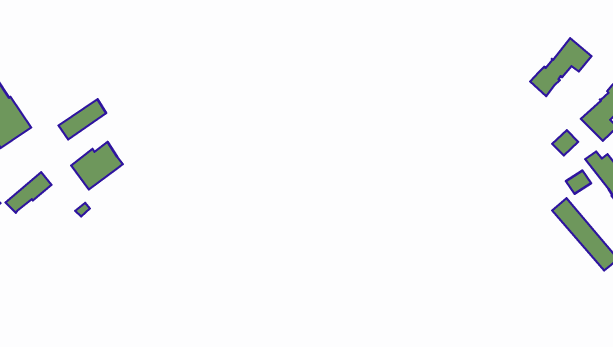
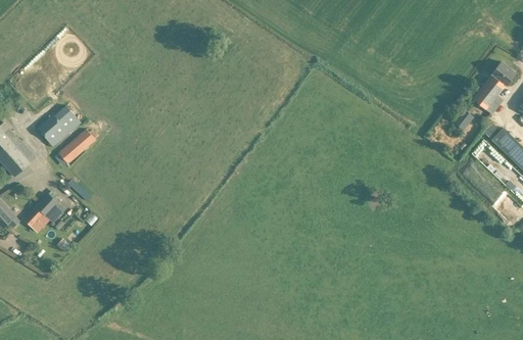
building: [530,38,591,96] -> none
building: [71,142,123,190] -> [40,106,81,146]

